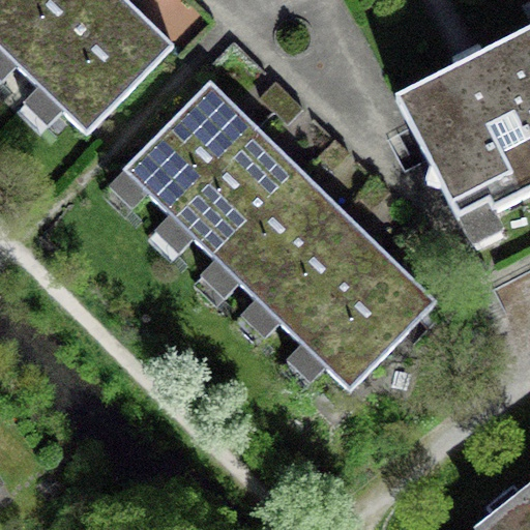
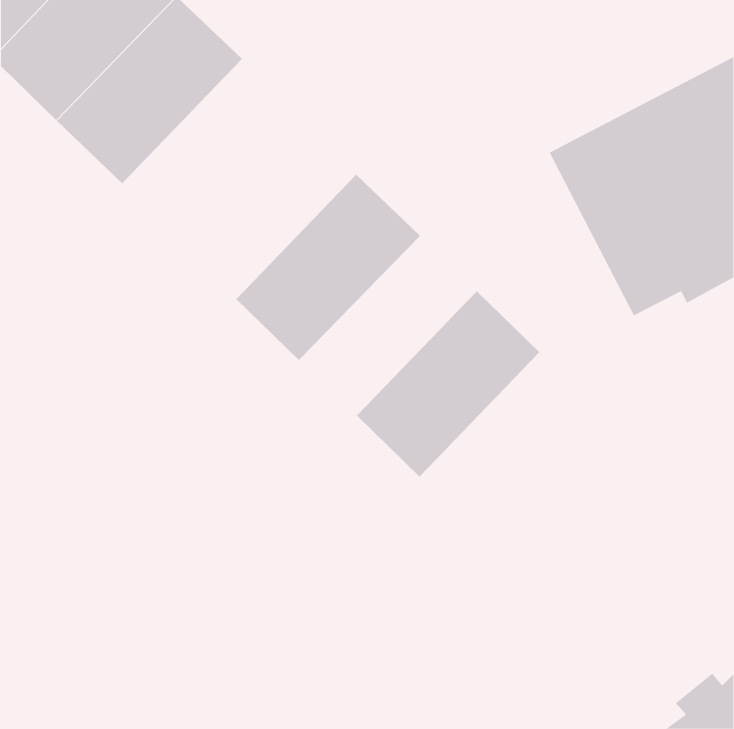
building: [123,81,257,215] -> none
building: [215,170,344,299] -> none
building: [302,254,437,389] -> none

